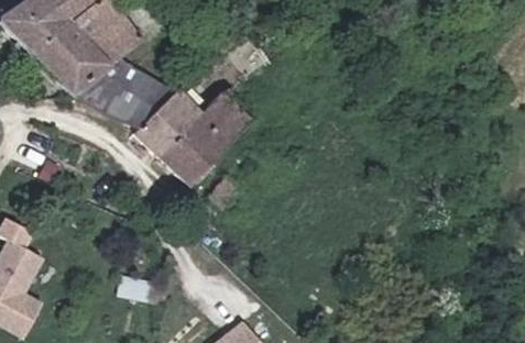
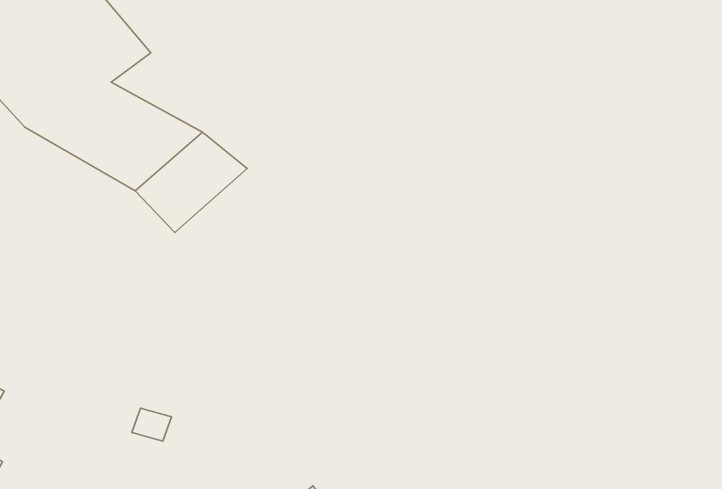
building: [156,84,266,185] -> none

